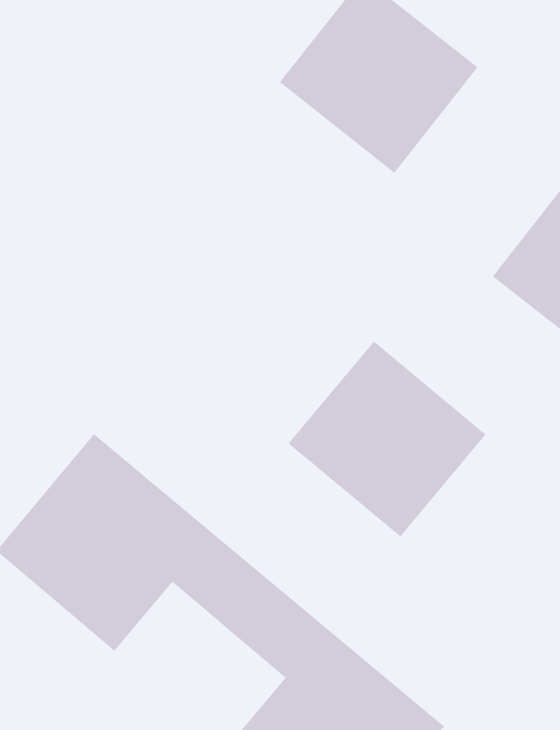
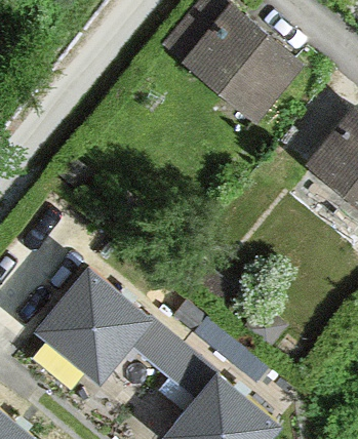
building: [288,340,486,538] -> none

